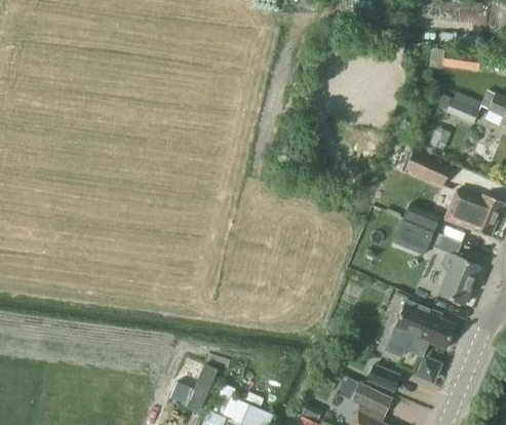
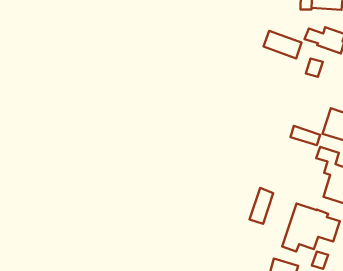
building: [405,150,452,186] -> [263,31,302,58]
building: [396,221,436,256] -> none
building: none -> [249,188,273,224]

